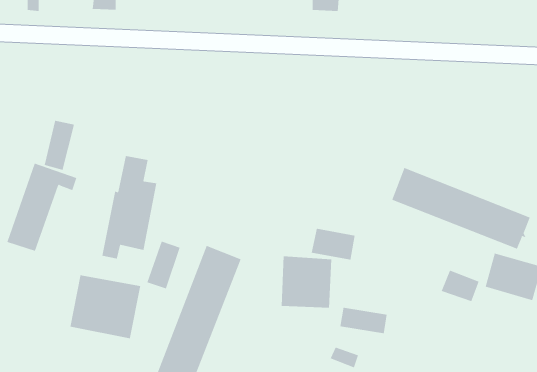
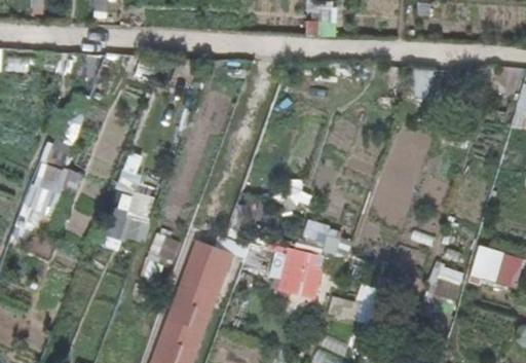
building: [391,167,531,250] -> none
building: [70,275,141,339] -> none

